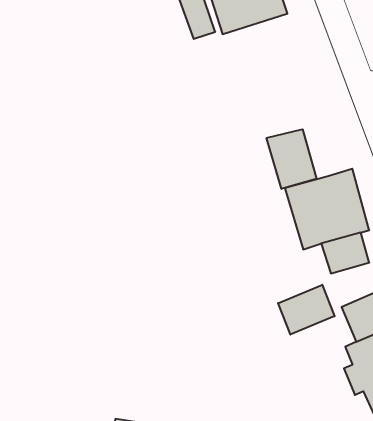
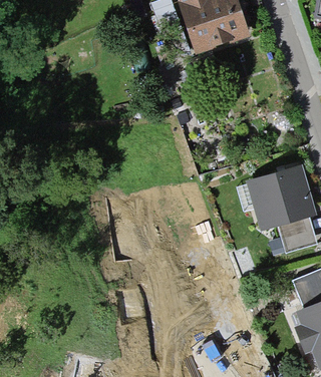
building: [267,129,317,189] -> none
building: [278,285,335,335] -> none

